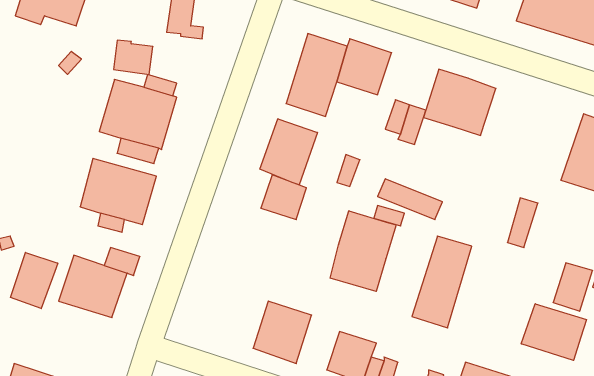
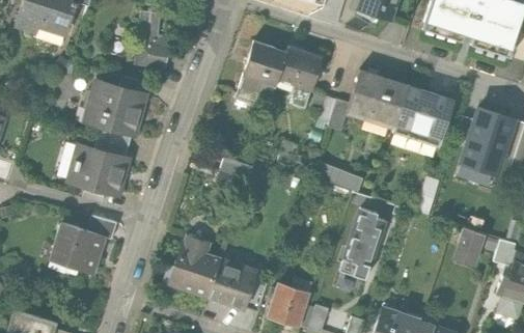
building: [114,40,153,75] -> [135,40,167,68]
building: none -> [394,87,456,149]
building: [260,119,317,185] -> none
building: [330,211,396,291] -> none
building: [10,252,58,309] -> none
building: none -> [167,235,221,298]
building: [521,304,586,360] -> none

